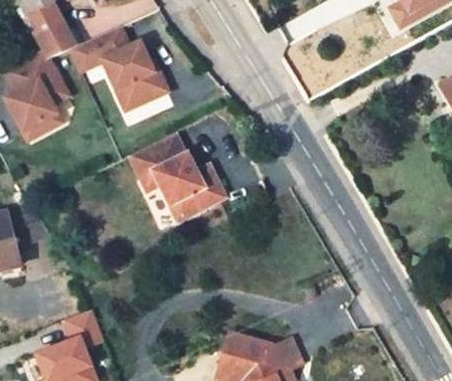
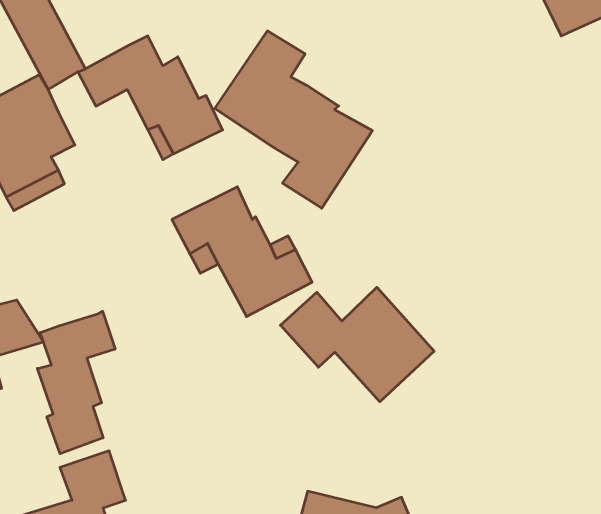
building: none -> [215,31,372,208]
building: none -> [280,287,434,402]
building: none -> [37,311,115,454]

